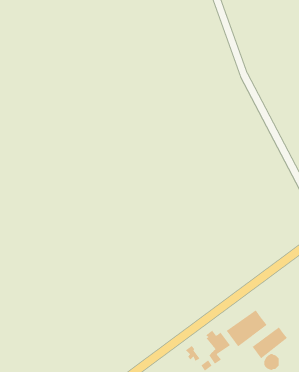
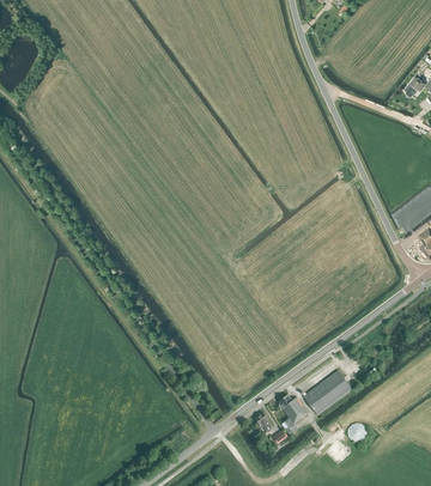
building: [252,327,288,359] -> none

